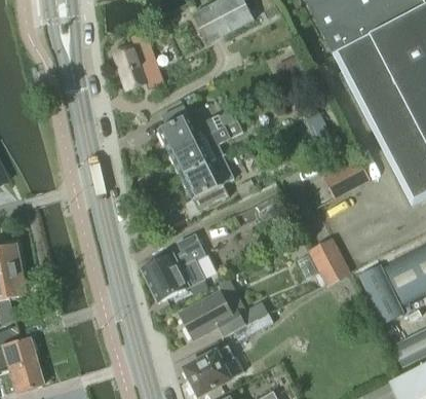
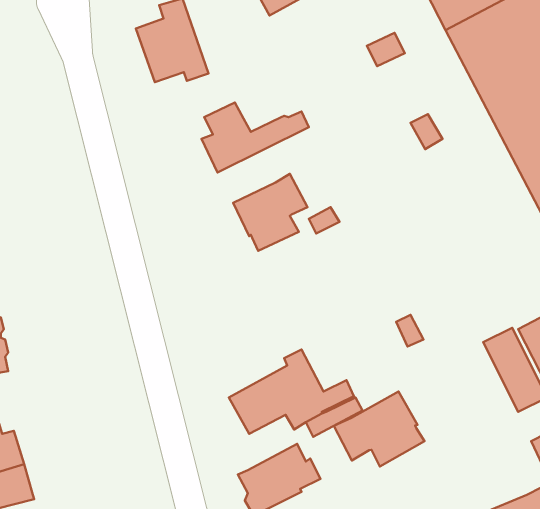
building: [171,121,242,175] -> none
building: [324,158,371,197] -> none
building: [142,232,206,301] -> none
building: [309,235,348,280] -> none
building: none -> [334,392,424,467]

